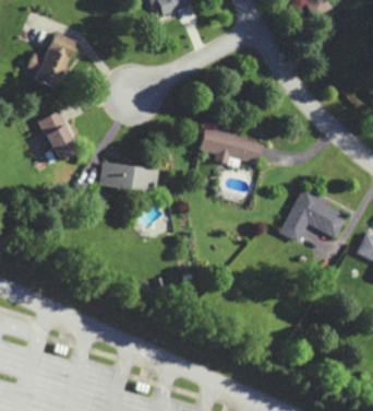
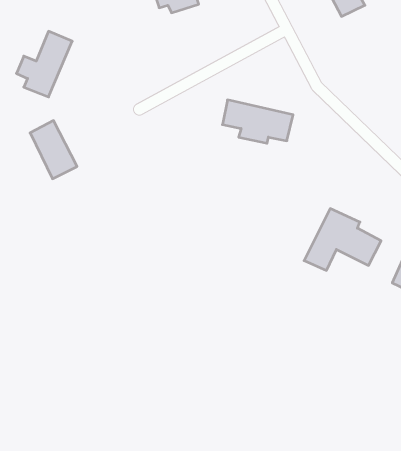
building: [200,128,262,166] -> [222,100,293,143]
building: [99,161,158,193] -> none

